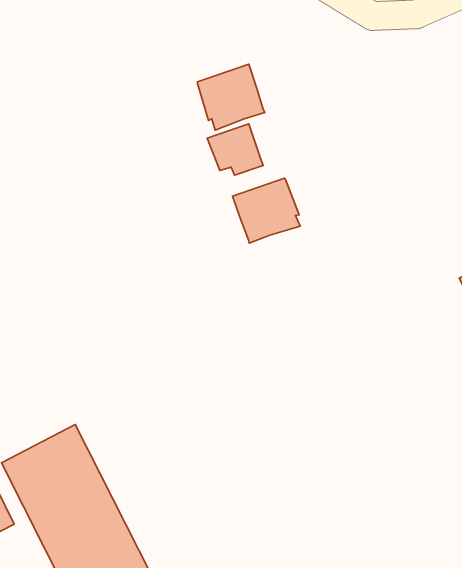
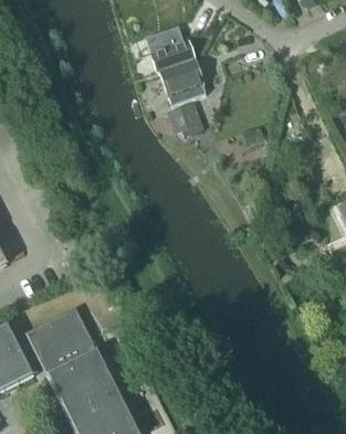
building: none -> [145,24,195,72]
building: [232,178,300,243] -> none

